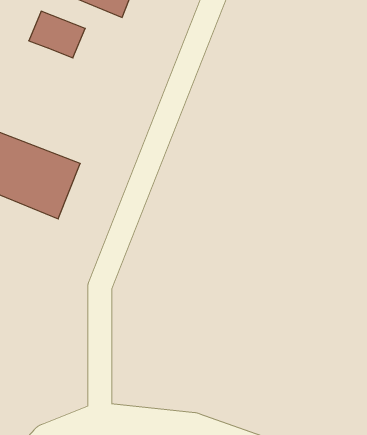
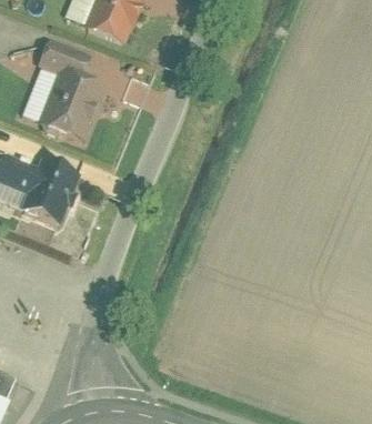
building: none -> [34,71,101,142]

